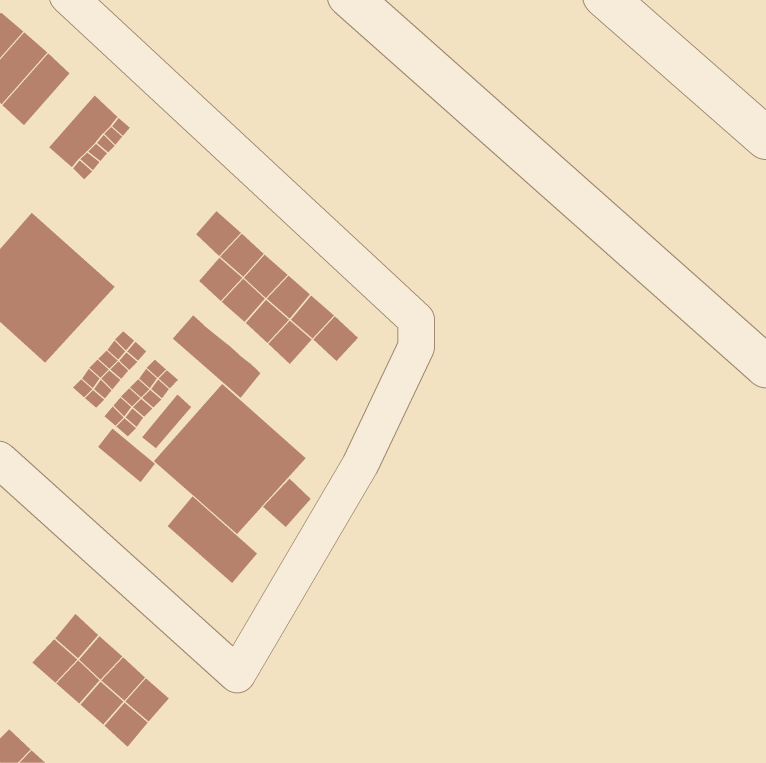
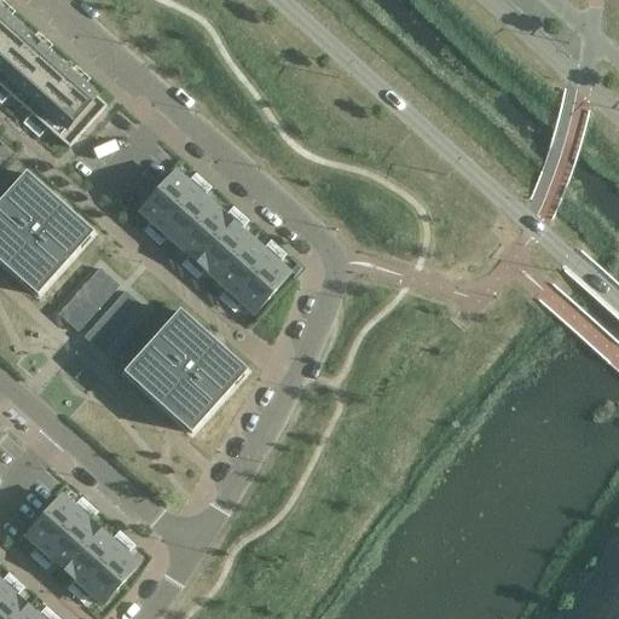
building: none -> [19,59,76,118]
building: none -> [139,189,177,226]
building: [172,315,261,399] -> none
building: none -> [233,273,271,312]
building: [97,428,156,483] -> none
building: [262,478,312,528] -> none
building: [167,496,258,584] -> none

